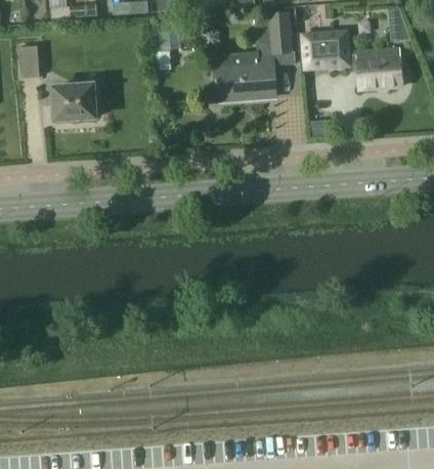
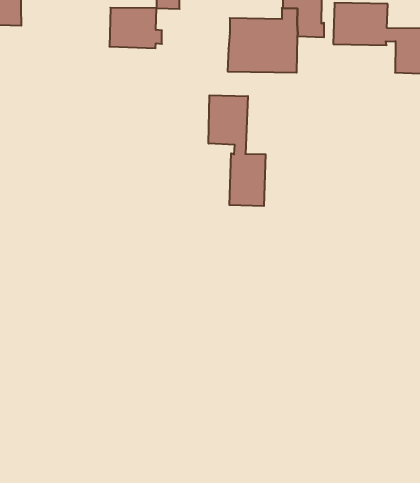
building: [53,83,99,119] -> [109,8,162,48]
building: none -> [209,95,266,206]

